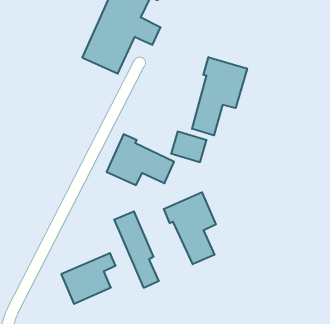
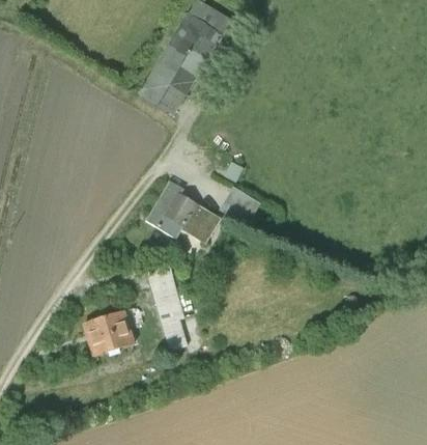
building: [192,57,247,135] -> none
building: [164,192,216,264] -> none

